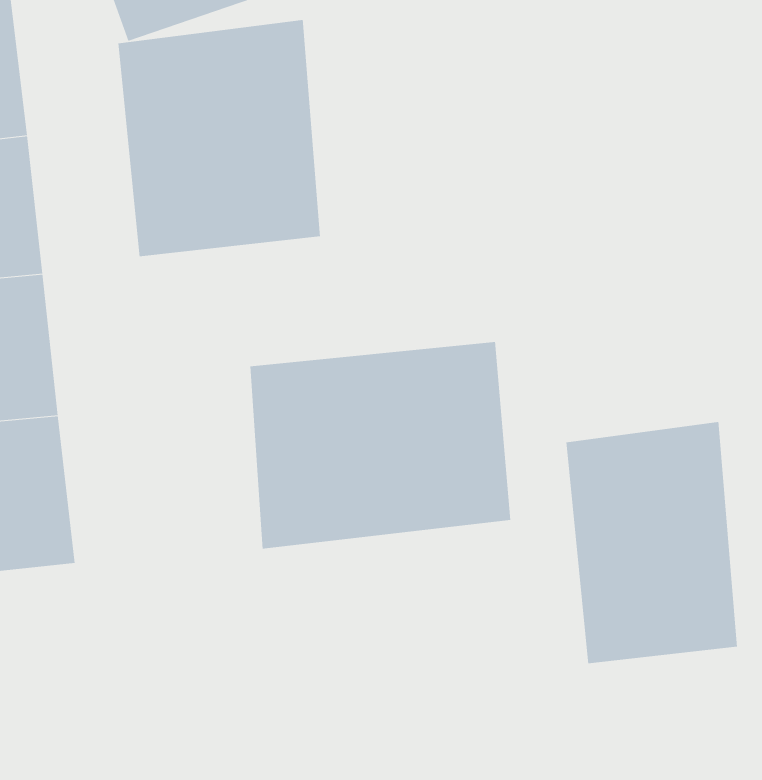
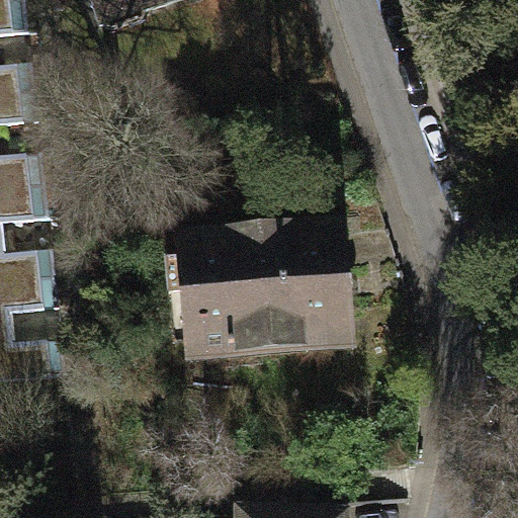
building: [118,19,320,257] -> none
building: [566,421,738,664] -> none

